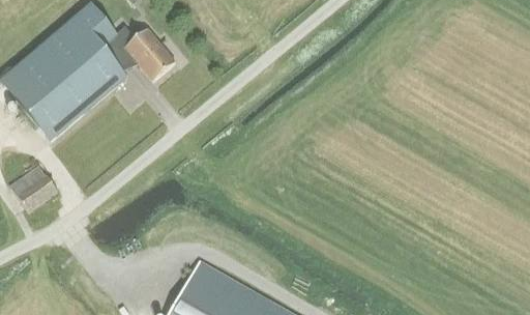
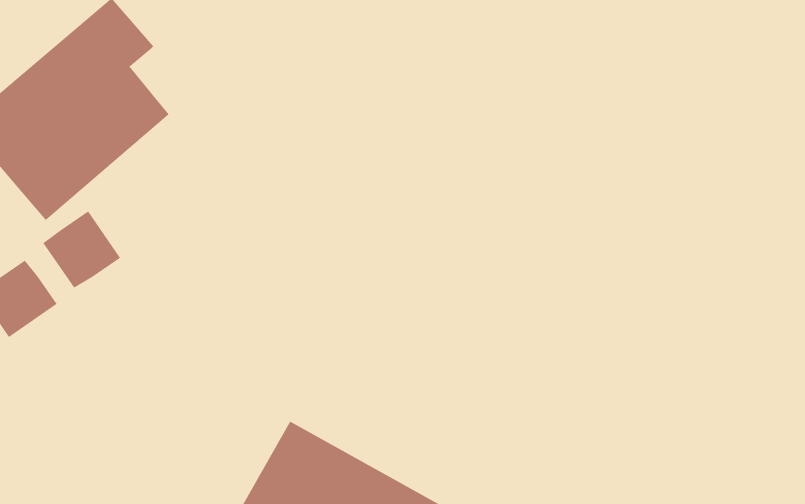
building: [115,26,175,80] -> none
building: none -> [42,211,121,288]

